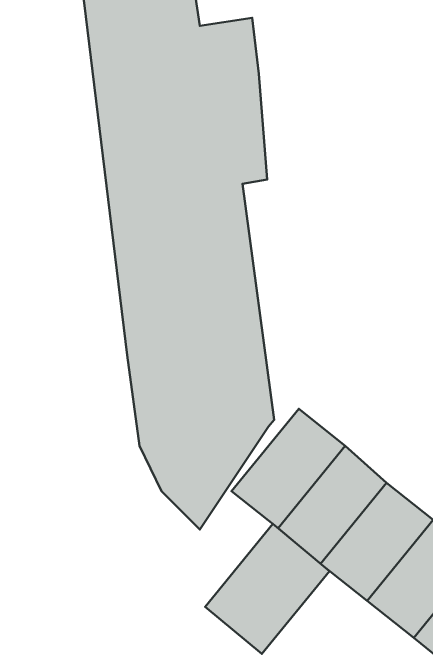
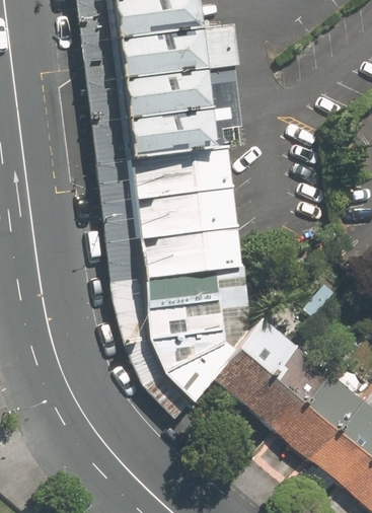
building: [205,524,329,654] -> none

